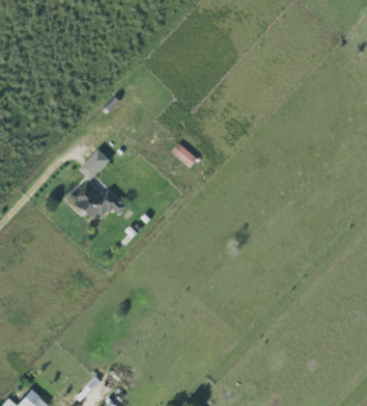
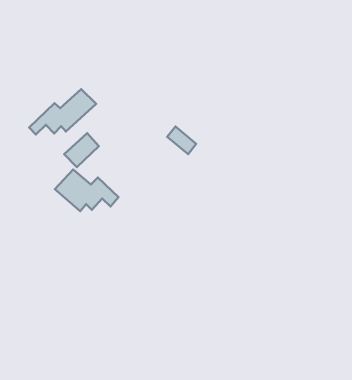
building: none -> [29,89,96,135]

